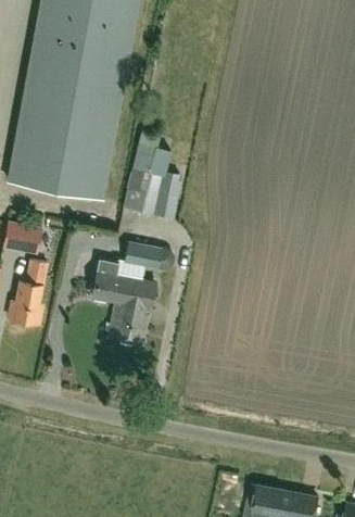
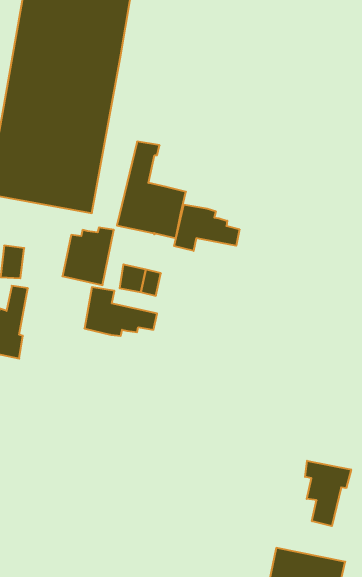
building: none -> [174,205,239,251]
building: [110,295,154,345] -> [62,227,114,285]
building: none -> [305,461,351,526]

